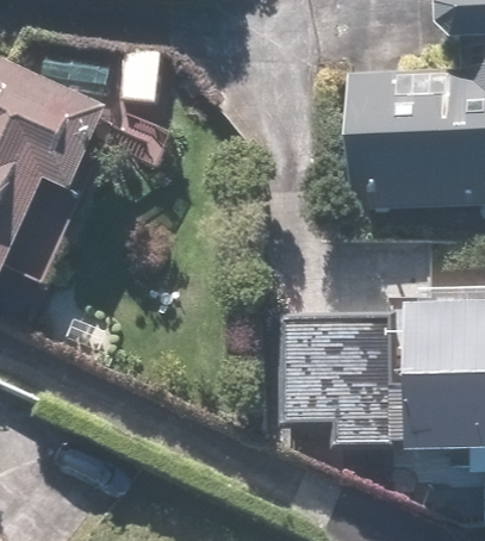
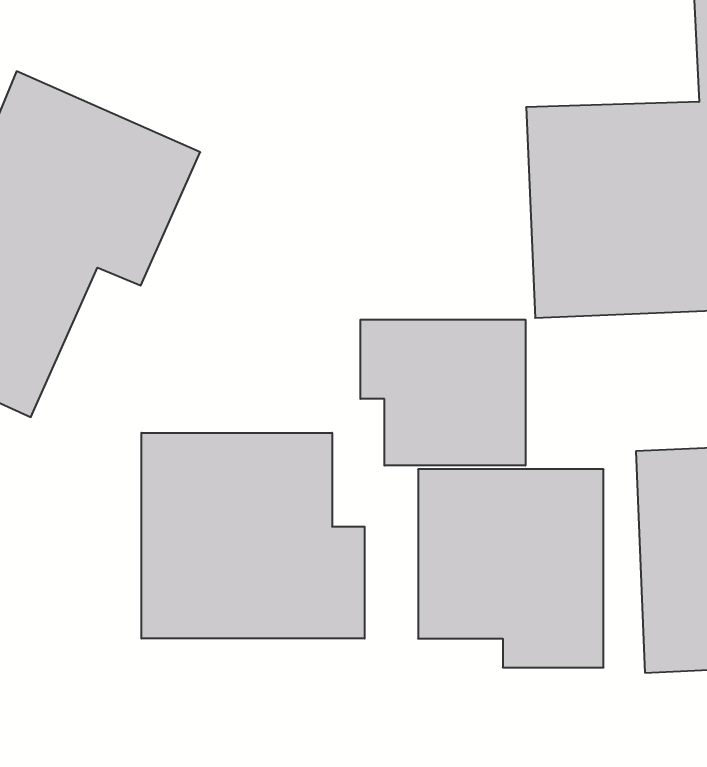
building: none -> [360,320,525,466]
building: none -> [141,433,365,639]

